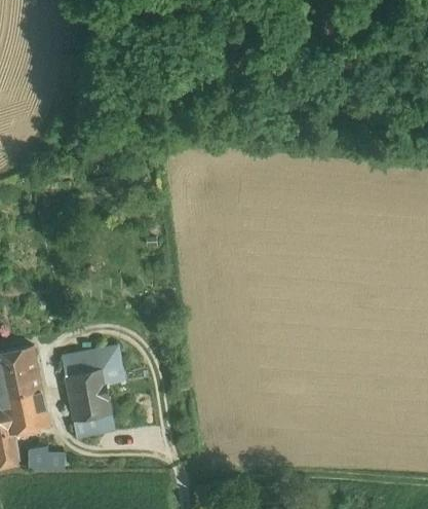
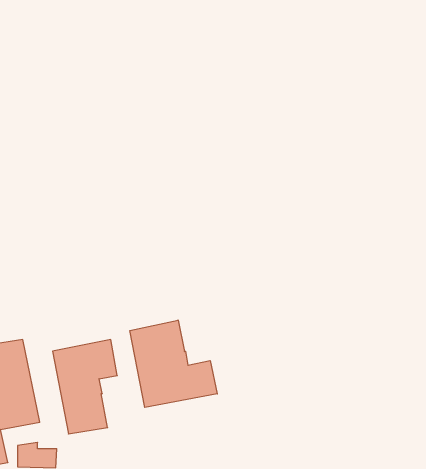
building: none -> [130,320,217,407]

